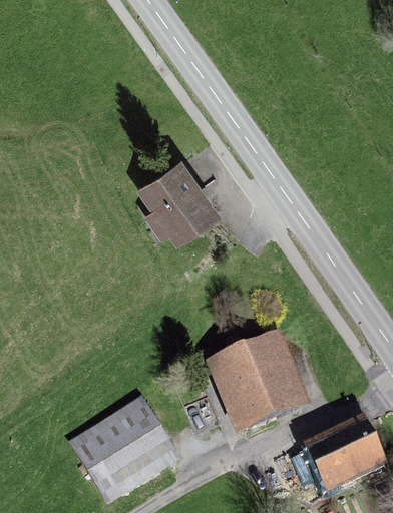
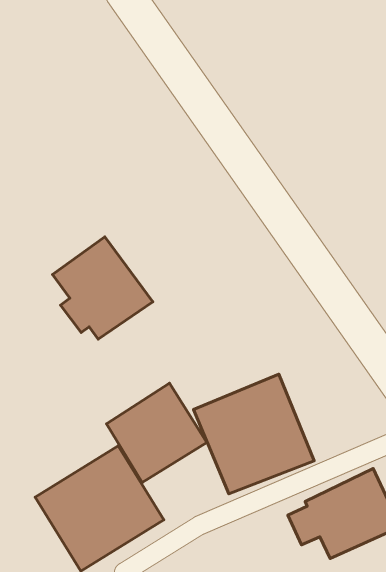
building: [134,149,223,239] -> [53,237,153,339]
building: none -> [106,383,207,482]

